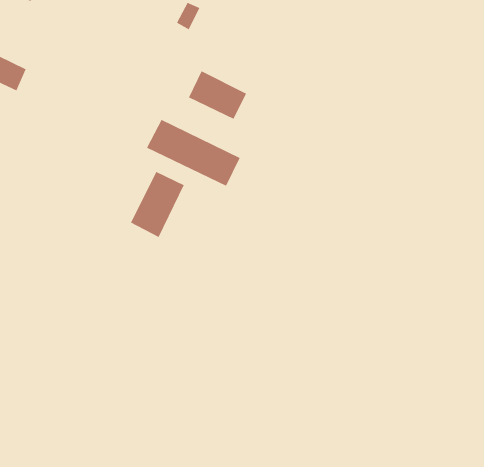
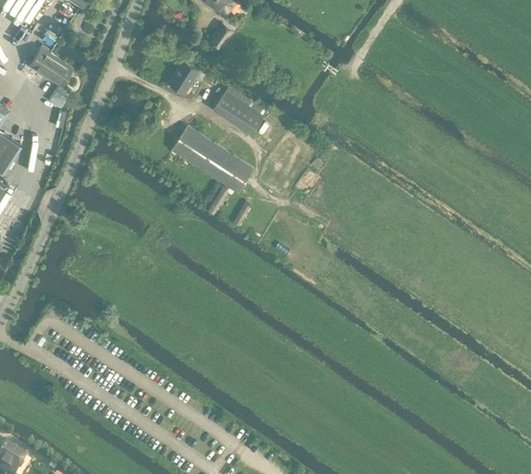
building: none -> [169,61,199,93]
building: [130,171,184,238] -> none

